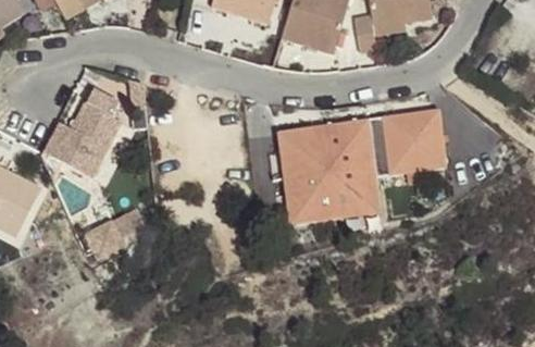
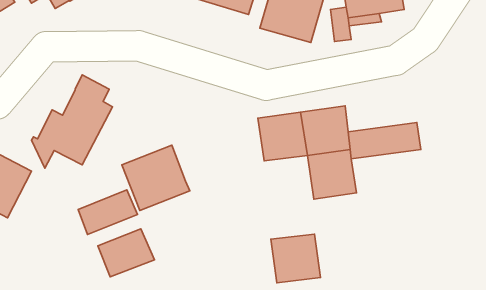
building: [369,109,444,146] -> none
building: none -> [122,145,190,210]
building: [284,171,336,222] -> [271,234,321,283]
building: none -> [98,229,155,277]

